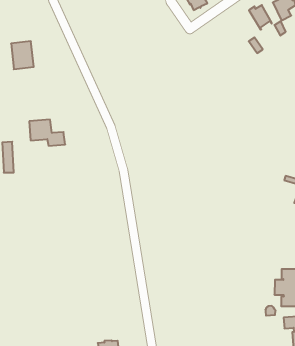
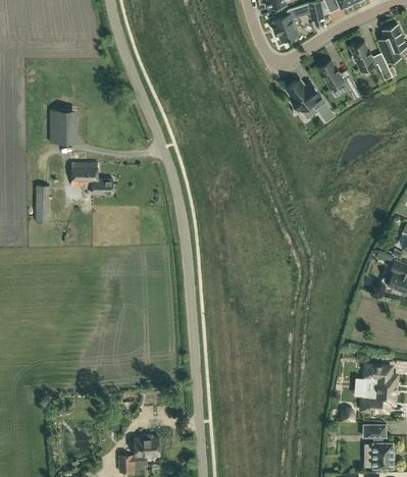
building: none -> [317,59,344,90]
building: none -> [286,80,335,123]
building: [11,41,34,69] -> [51,106,77,139]

